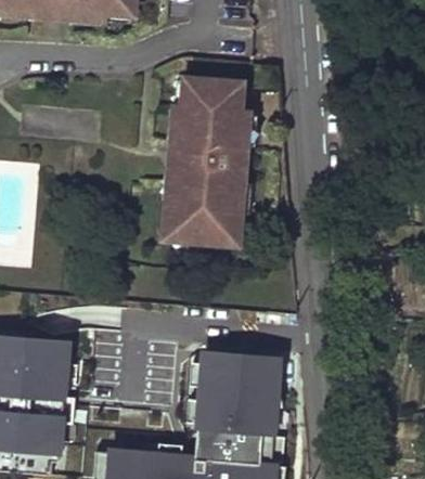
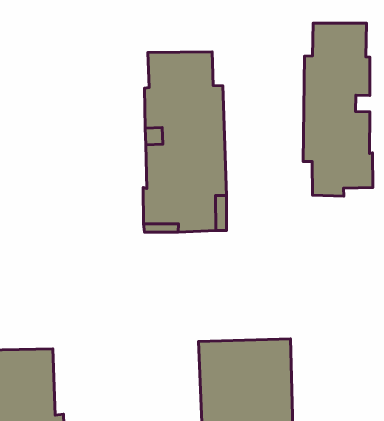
building: none -> [303,23,373,196]

